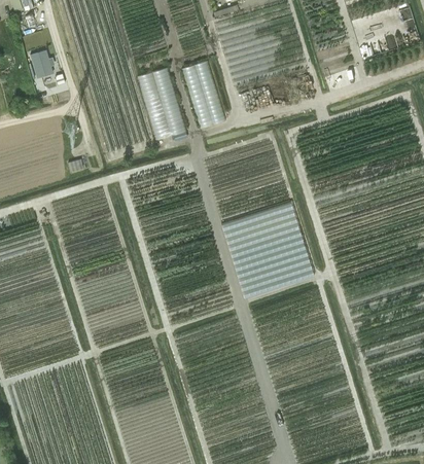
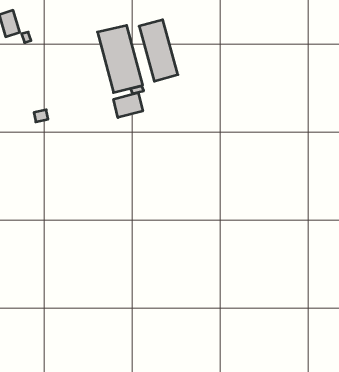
building: none -> [114,93,143,118]

